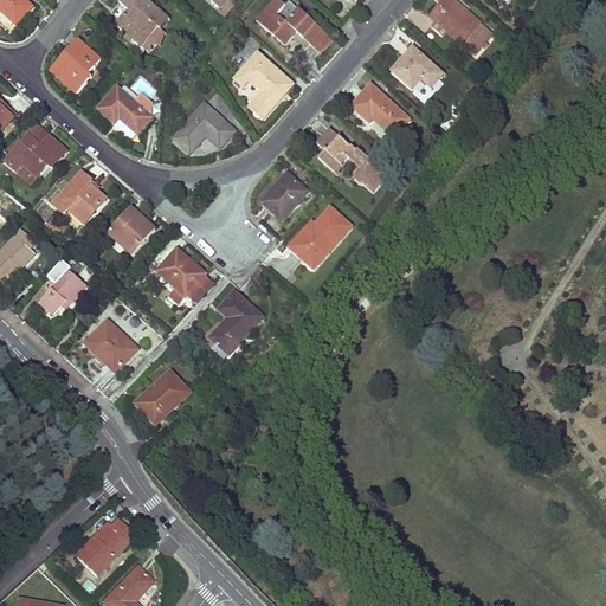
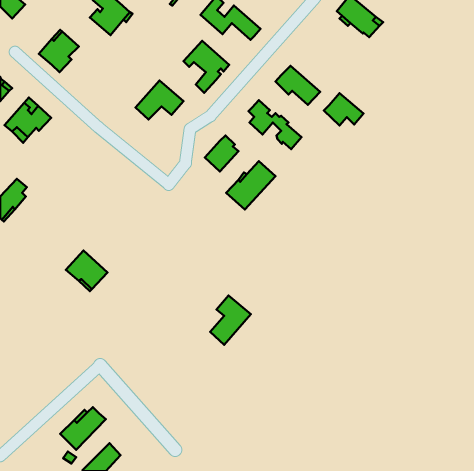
building: [392,46,443,88] -> [324,93,364,125]
building: [98,86,150,131] -> none
building: [52,170,105,224] -> none
building: [109,206,154,252] -> none
building: [157,249,212,301] -> none
building: [38,269,85,315] -> none
building: [211,291,263,354] -> [210,296,251,345]
building: [136,370,189,424] -> none

